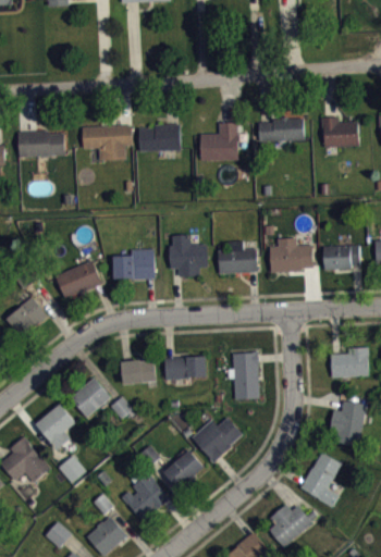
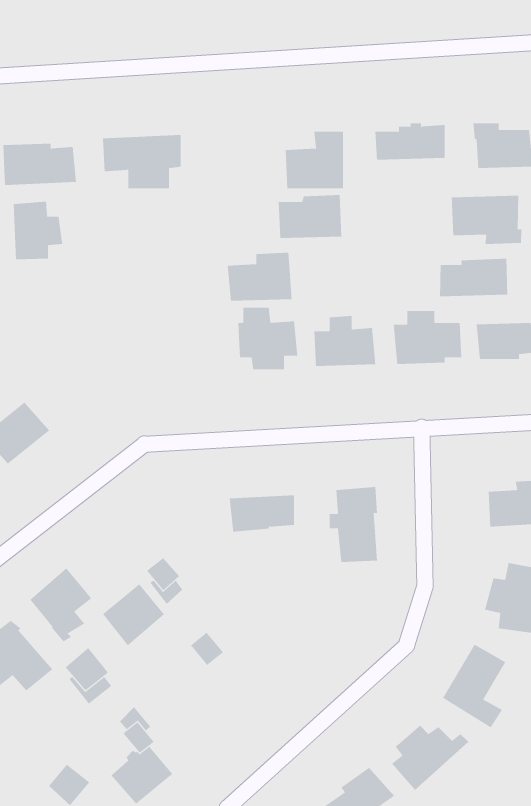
building: [138,123,180,151] -> [278,195,342,239]
building: none -> [451,195,522,245]
building: none -> [13,201,63,260]
building: none -> [439,258,508,297]
building: [112,247,155,278] -> [227,252,293,301]
building: [54,259,102,298] -> none
building: [121,359,156,384] -> none
building: [70,376,110,417] -> [102,584,165,646]
building: [190,417,242,462] -> none
building: [163,447,205,487] -> none
building: [121,471,170,519] -> none

